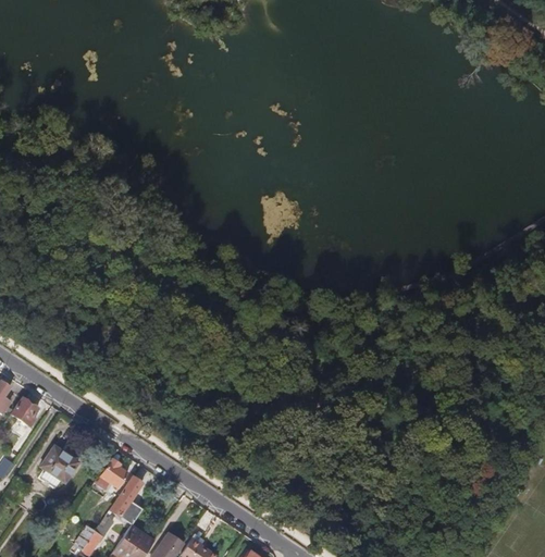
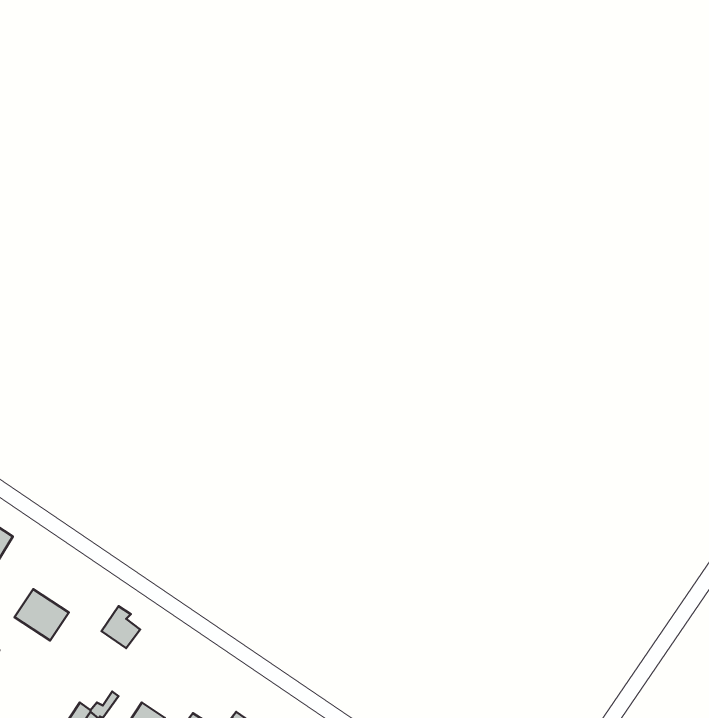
building: [111,476,144,523] -> none

